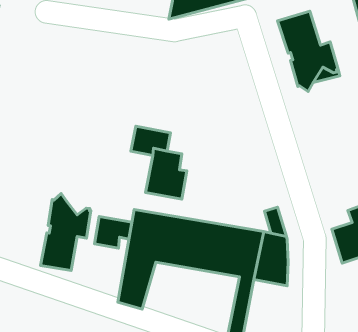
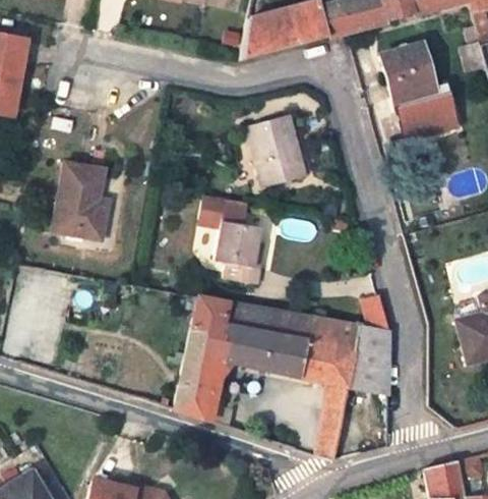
building: none -> [247,118,301,192]
building: none -> [57,165,112,231]
building: [41,193,91,271] -> none
building: [94,216,132,248] -> none

